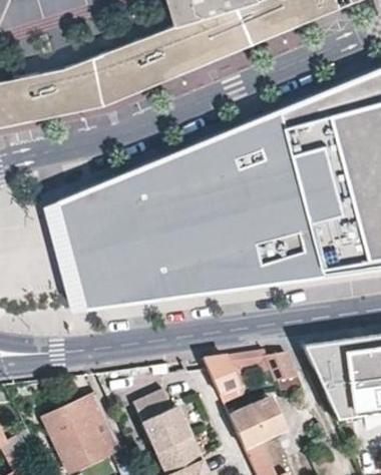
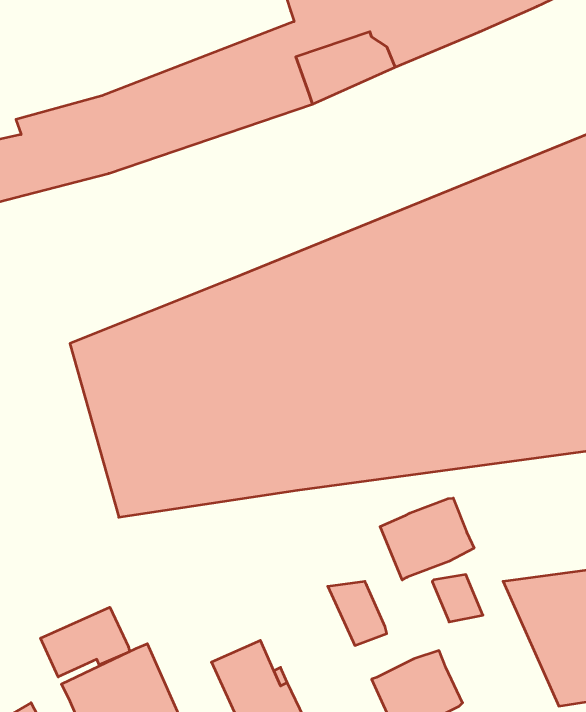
building: none -> [380,498,474,580]
building: none -> [41,607,130,677]

